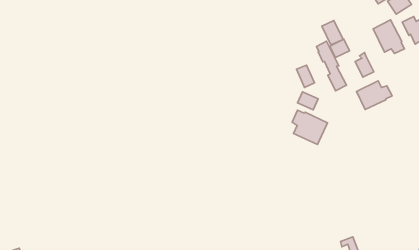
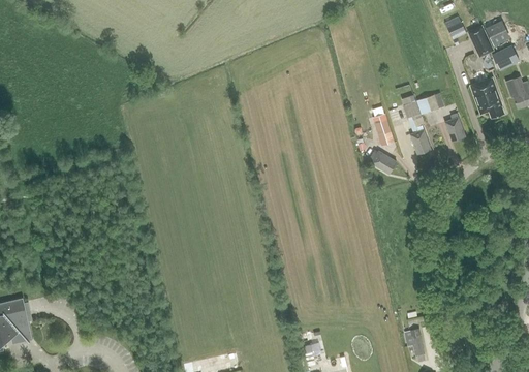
building: [322,21,343,45] -> none
building: [357,81,392,110] -> none
building: [292,110,328,144] -> none

